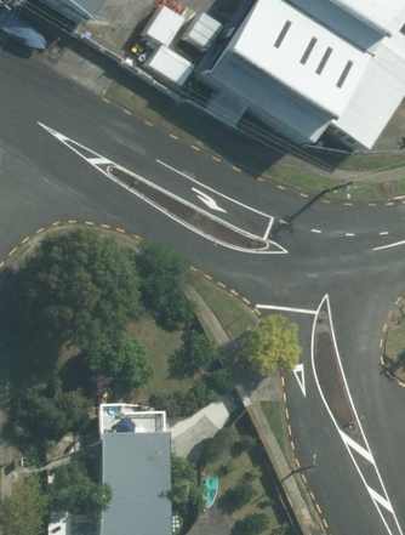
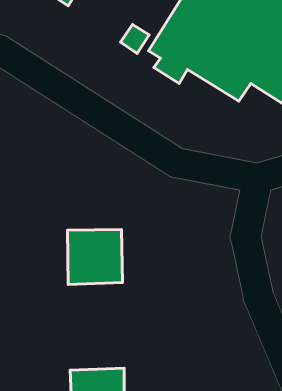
building: [97,423,169,495] -> [67,229,122,284]

